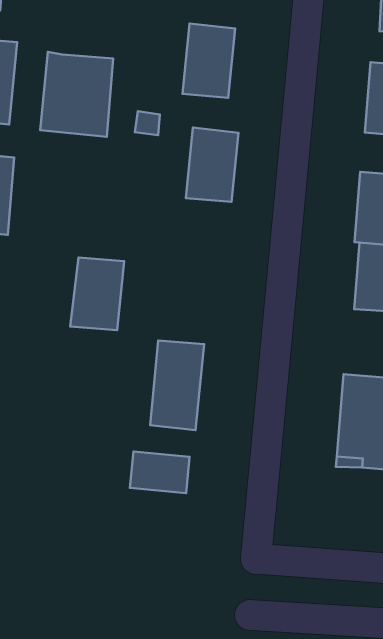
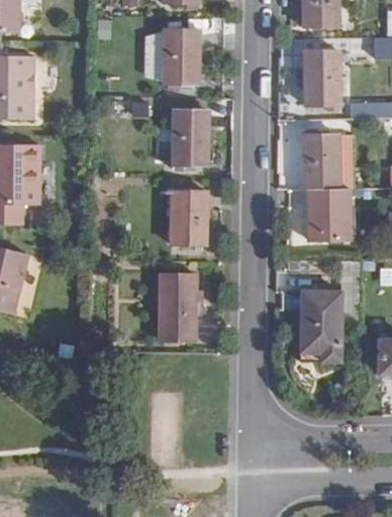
building: [40,52,113,137] -> none
building: [70,257,124,330] -> [170,192,207,245]
building: [130,451,190,493] -> none

